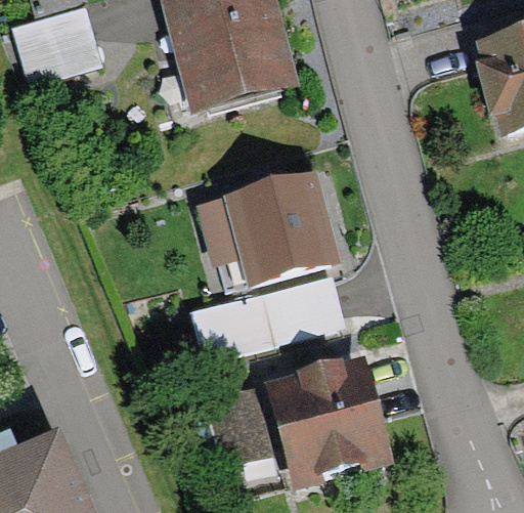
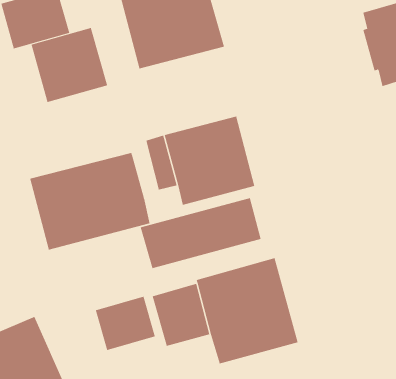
building: none -> [31,27,108,103]
building: none -> [30,152,150,251]
building: none -> [95,296,156,351]

